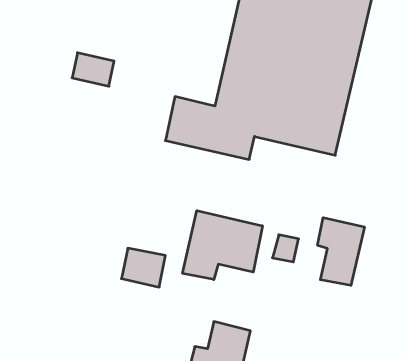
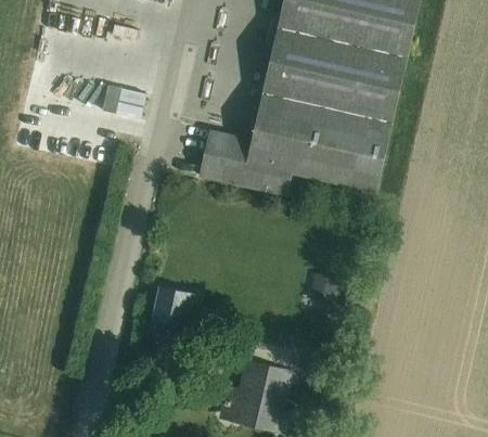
building: [183,211,262,280] -> none
building: [318,218,364,285] -> none

